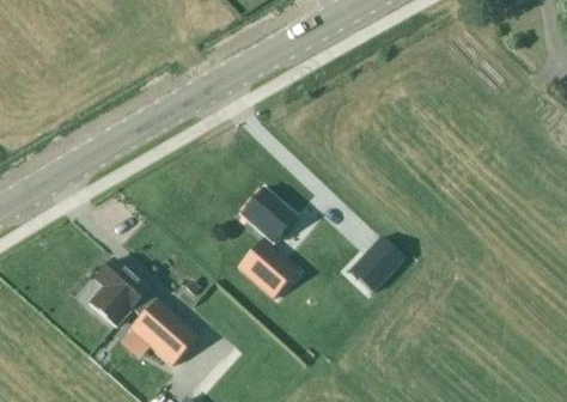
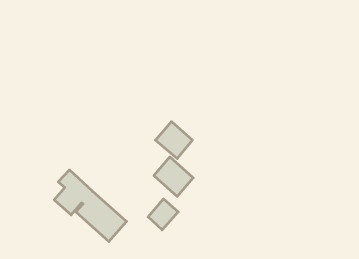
building: [350,237,403,290] -> none
building: none -> [148,199,178,230]

